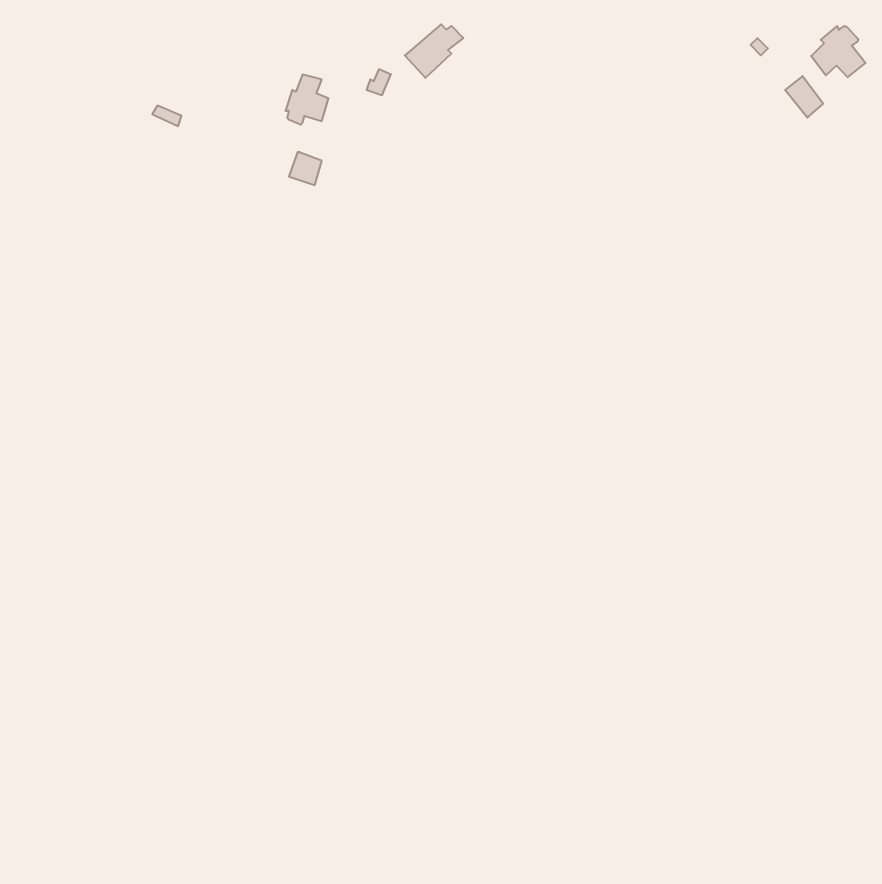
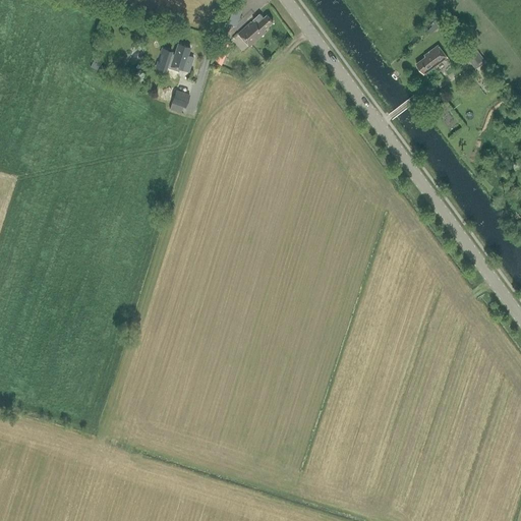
building: [811,26,866,77] -> none
building: none -> [416,45,447,73]

